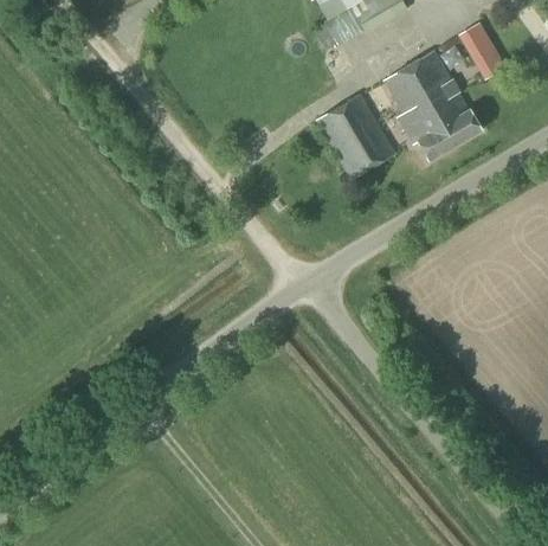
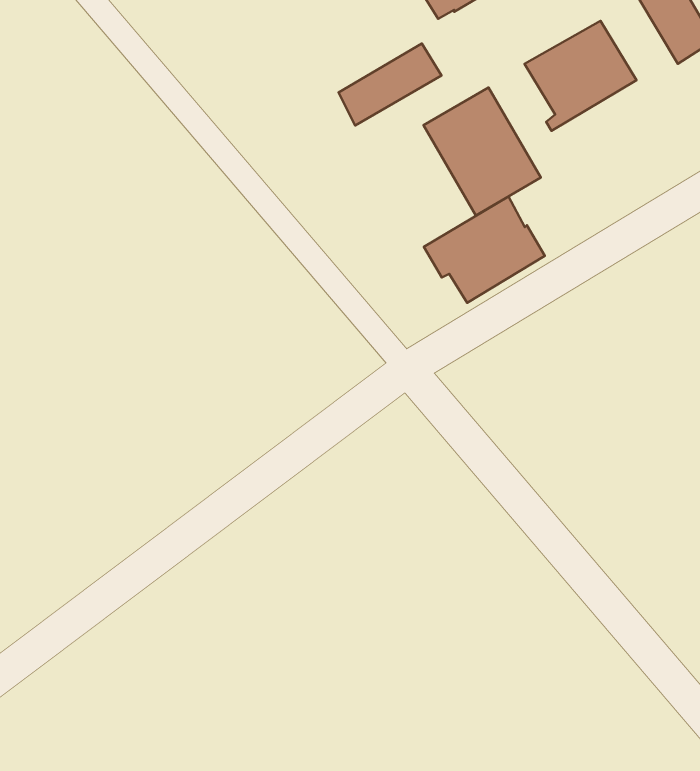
building: none -> [339,44,441,125]
building: [401,89,481,159] -> [424,196,545,303]

